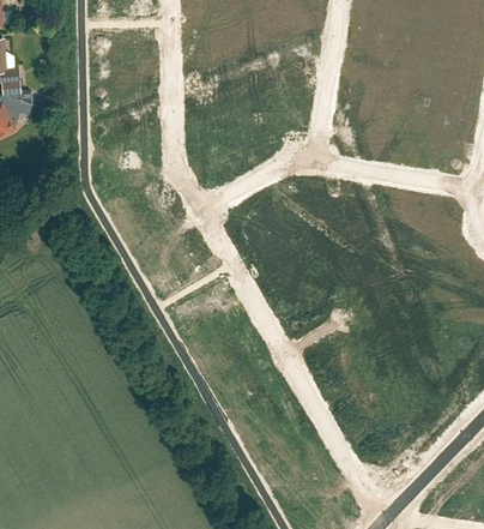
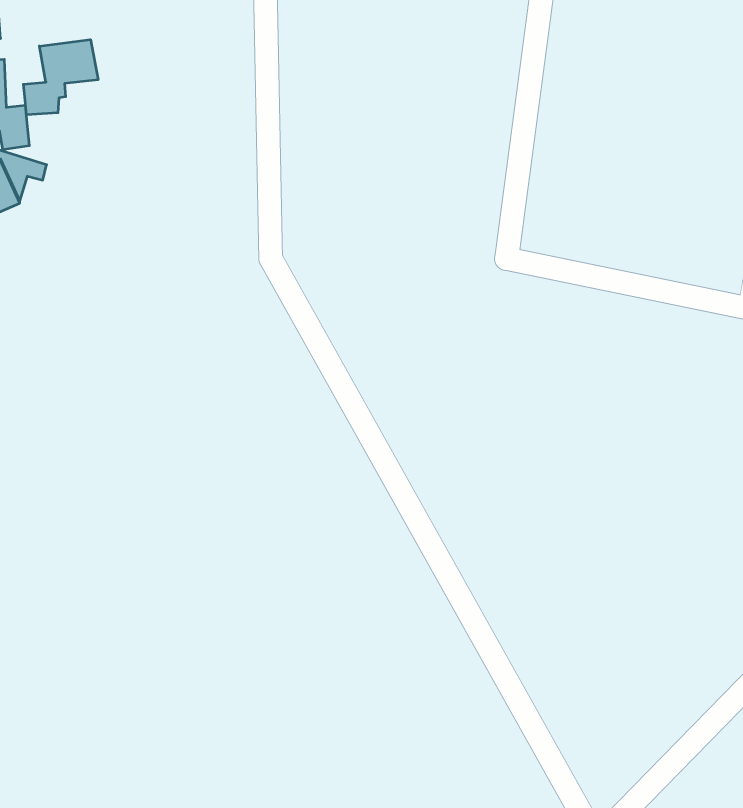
building: none -> [23,40,98,115]

